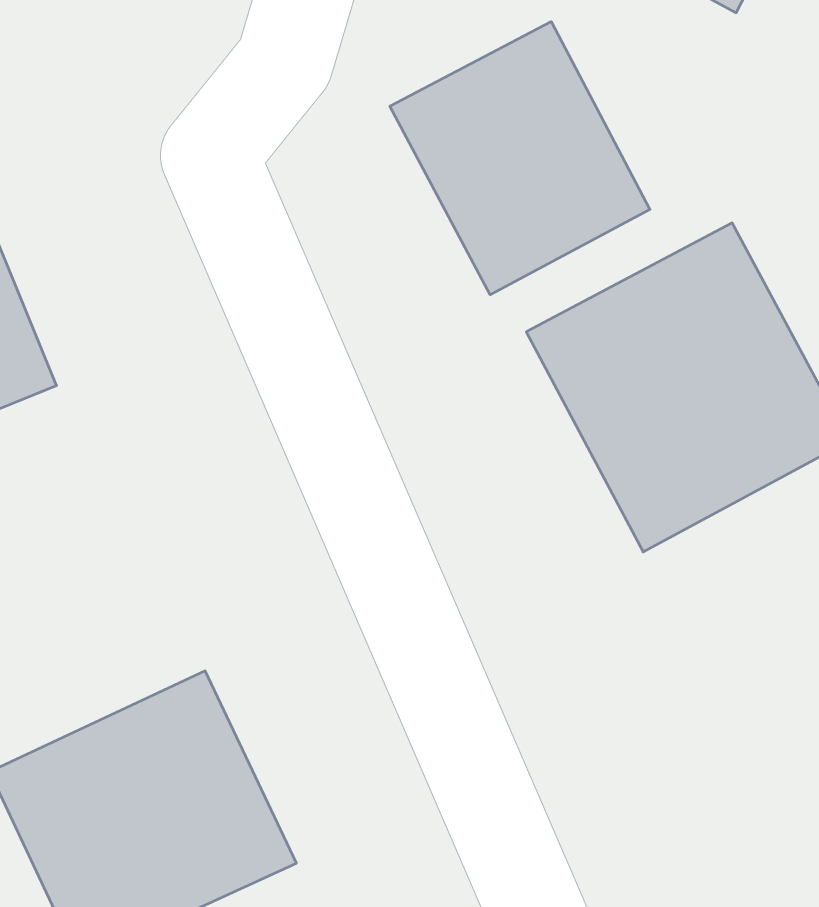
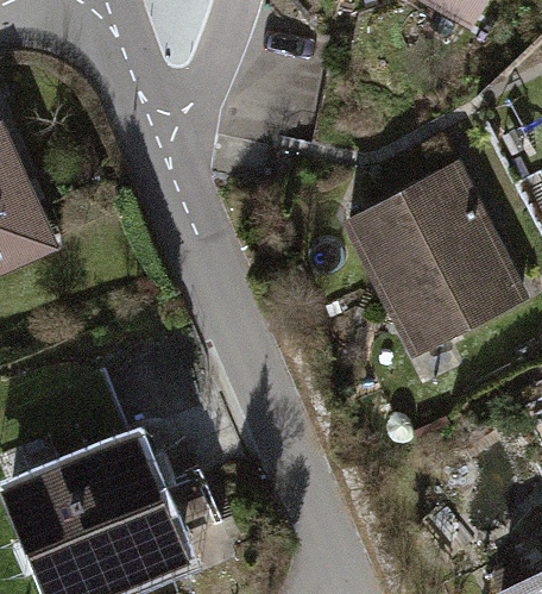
building: [390,22,650,295] -> none

